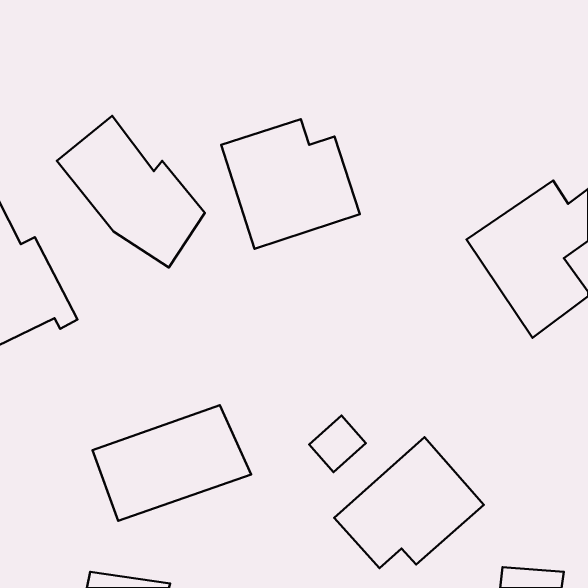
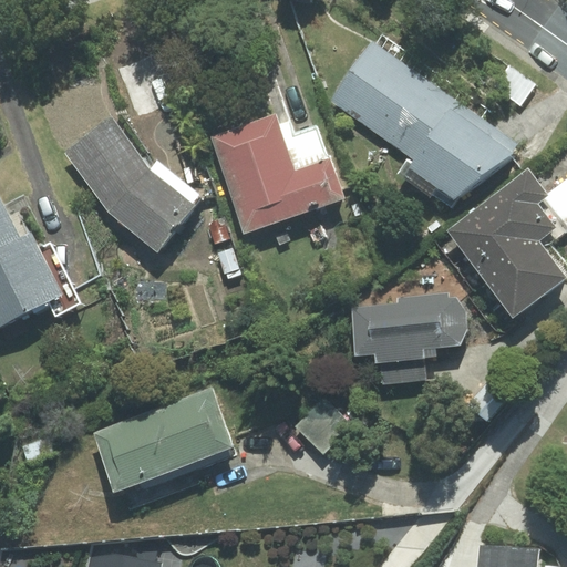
building: none -> [331,27,512,205]
building: none -> [350,290,466,365]
building: [334,437,484,568] -> none

